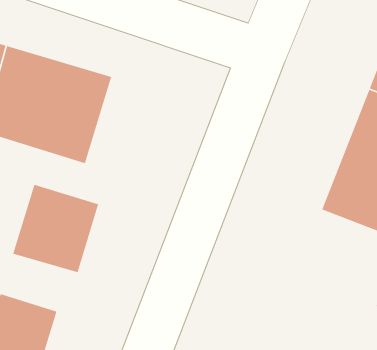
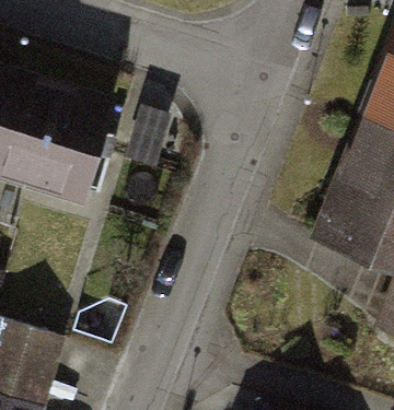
building: [12,184,99,273] -> none

